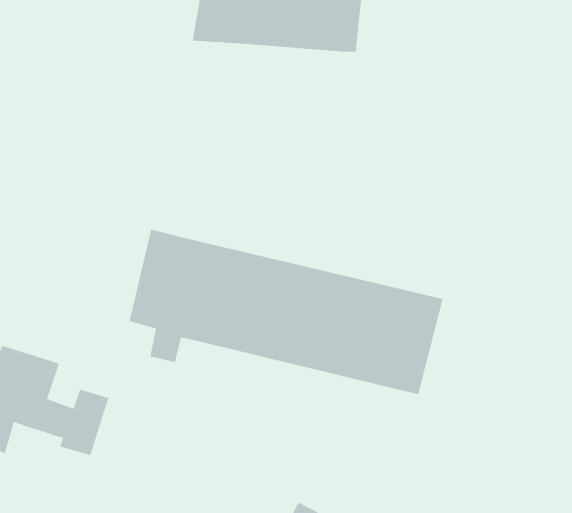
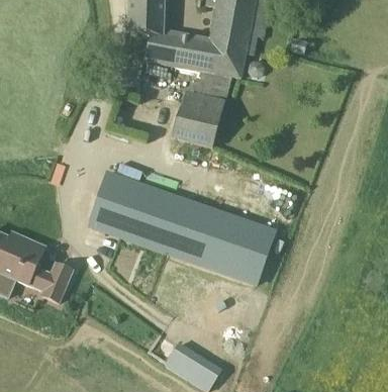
building: none -> [172,67,230,148]

